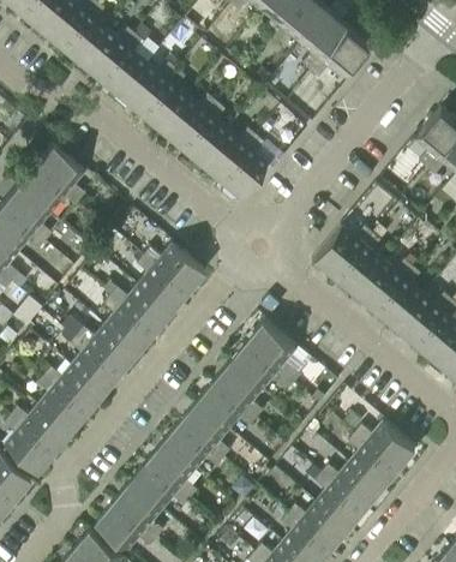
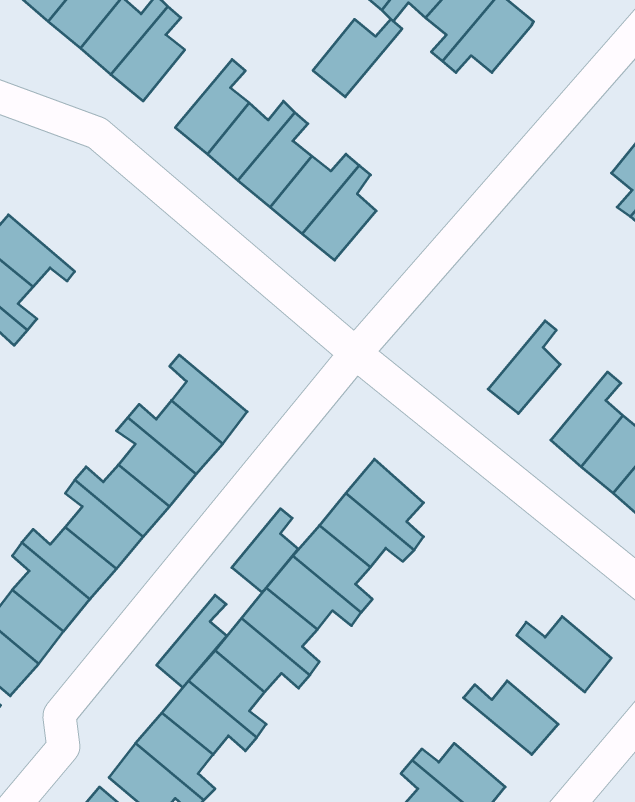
building: [119,64,175,113] -> [313,19,402,97]
building: [34,145,84,204] -> none
building: [316,228,373,279] -> none
building: [142,245,203,293] -> none
building: [356,262,413,311] -> none
building: none -> [232,509,298,592]
building: none -> [157,595,227,687]
building: [348,435,398,491] -> none
building: [316,474,365,531] -> none

